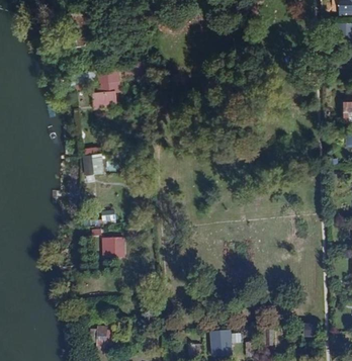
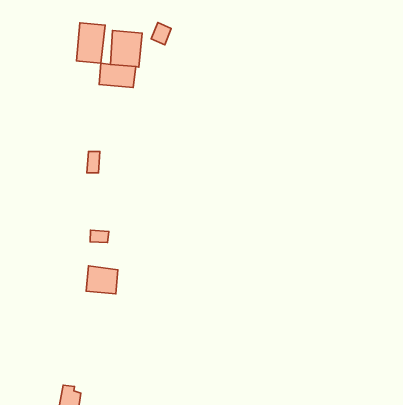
building: none -> [77,23,105,63]

